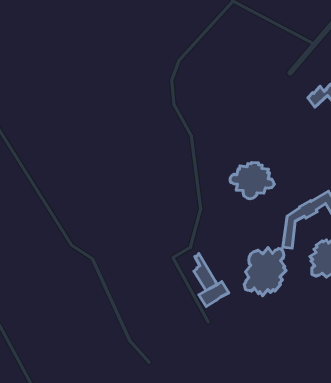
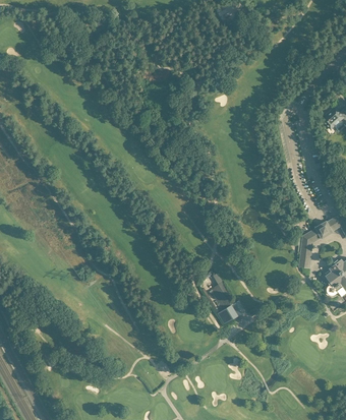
building: [230,162,274,199] -> none
building: [244,247,286,296] -> none

